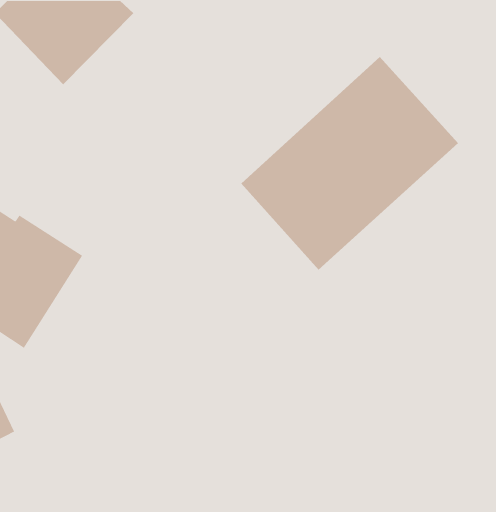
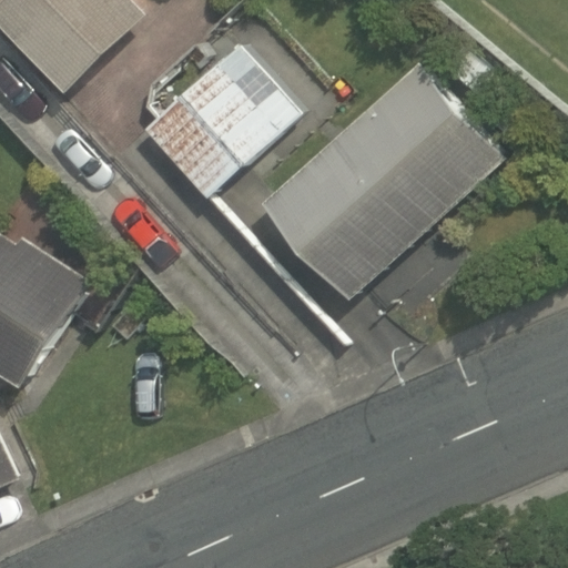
building: none -> [146,45,301,200]

